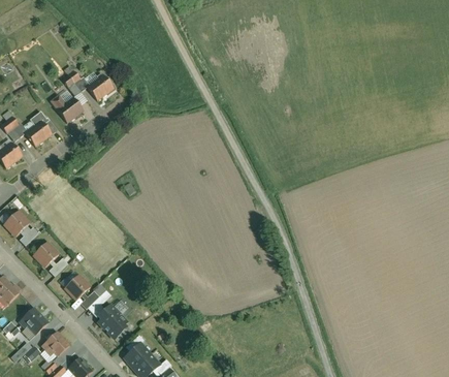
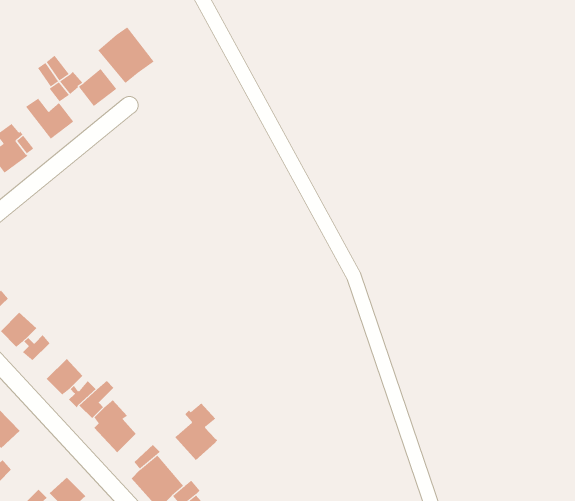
building: none -> [97,27,155,84]
building: none -> [174,403,218,461]
building: [41,329,71,356] -> none

